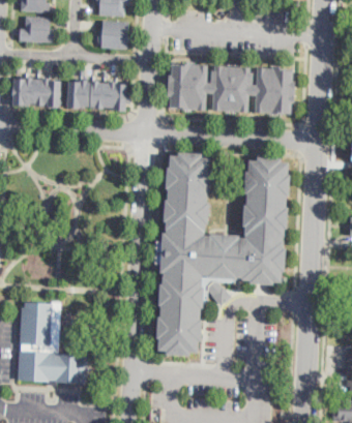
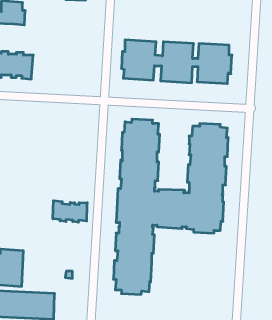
building: [98,20,129,48] -> none
building: [63,79,125,111] -> none
building: none -> [53,201,87,222]

